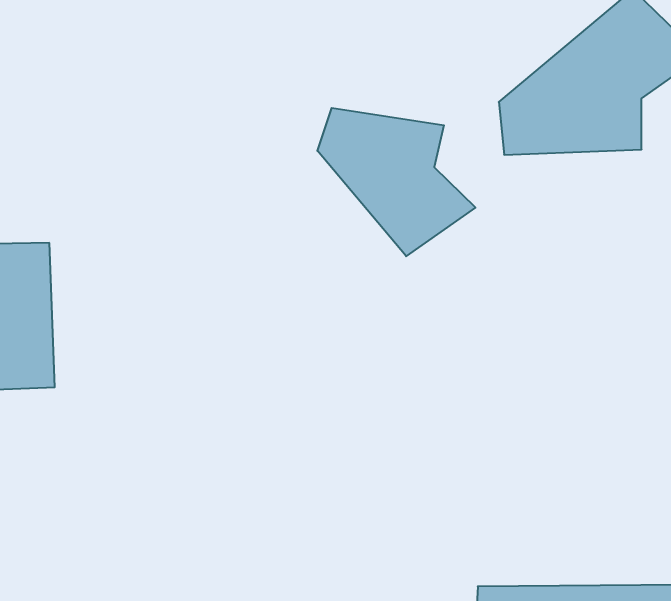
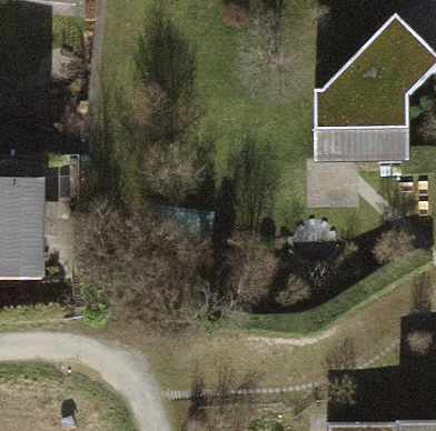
building: [317,108,475,256] -> none

